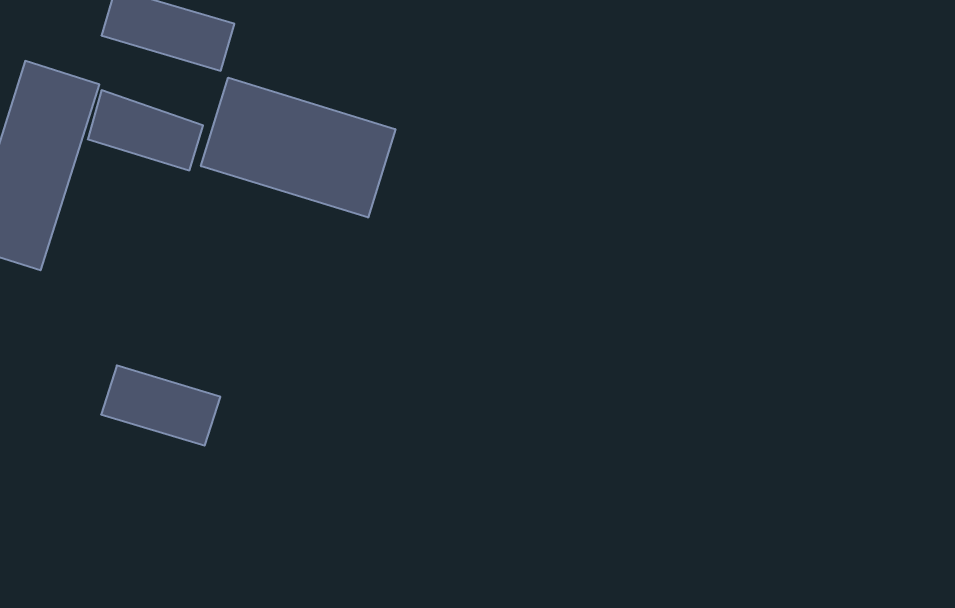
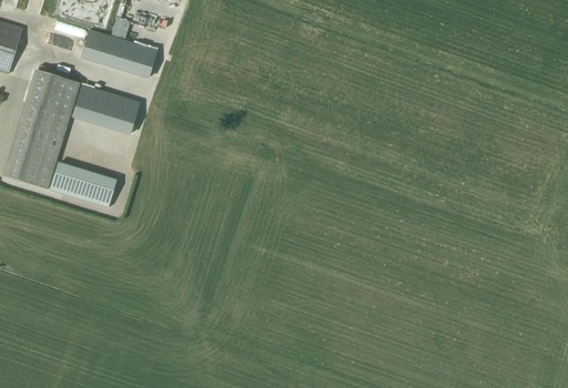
building: [201,78,395,218] -> none
building: [101,365,220,446] -> [49,162,116,207]

